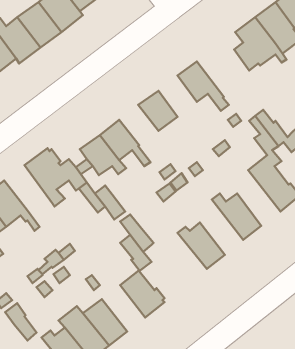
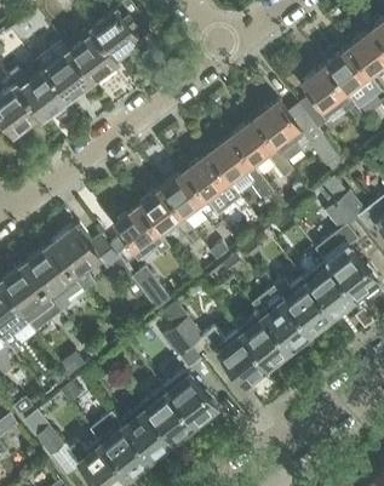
building: none -> [254,102,344,173]
building: none -> [208,137,285,213]
building: none -> [161,172,214,221]
building: none -> [23,245,81,319]
building: none -> [303,251,355,318]
building: none -> [251,286,310,353]
building: none -> [200,326,266,387]
building: none -> [141,389,193,445]

